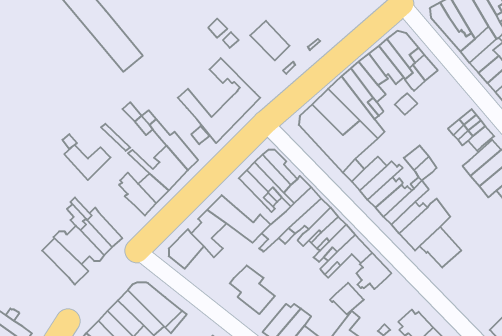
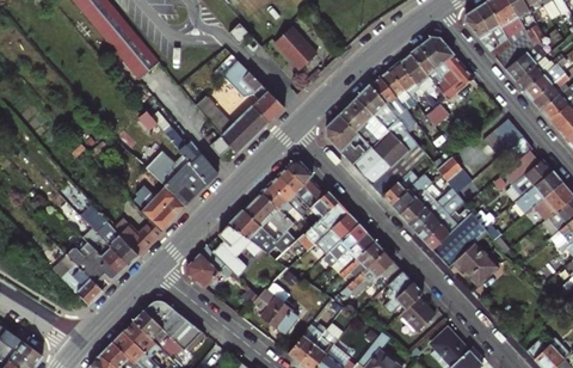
building: [64,145,111,180] -> [113,217,162,254]
building: none -> [244,191,291,229]
building: [330,283,364,314] -> [399,296,435,330]

